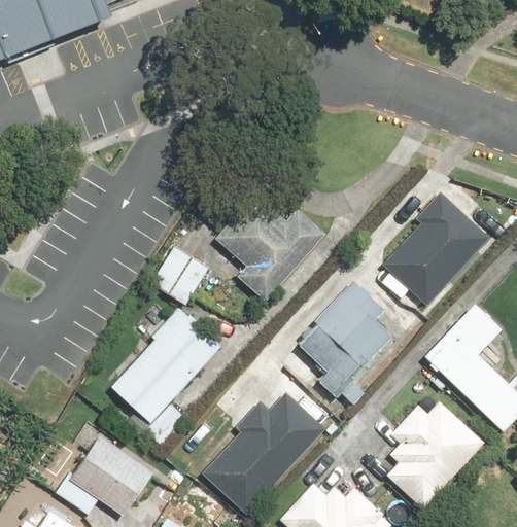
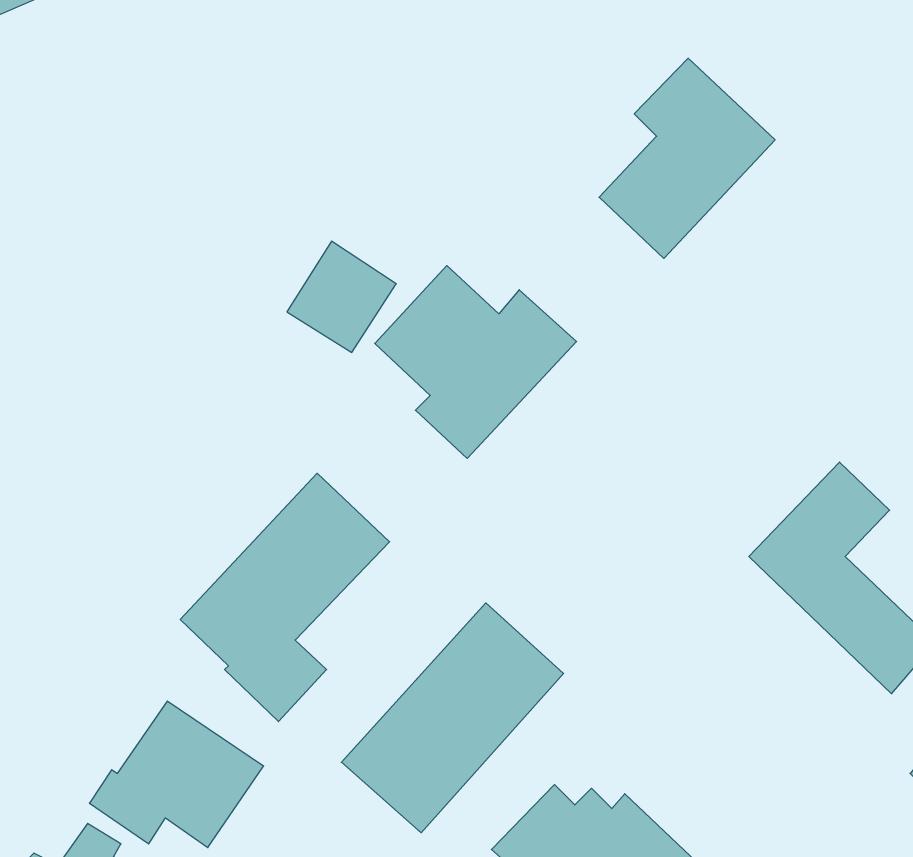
building: [384,181,482,292] -> [599,58,775,258]
building: [152,246,213,308] -> [287,241,396,352]
building: [290,280,394,406] -> none
building: [379,406,481,508] -> none

